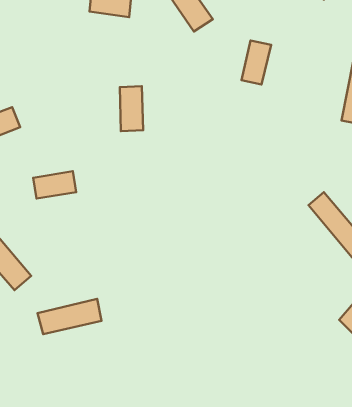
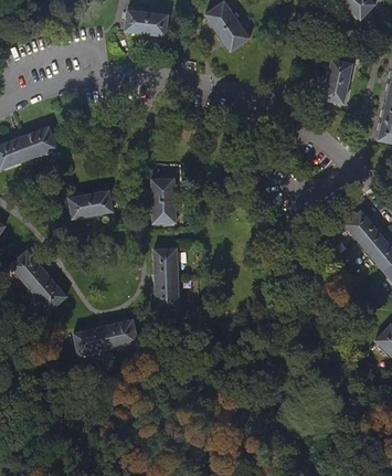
building: [242,41,271,85] -> [324,59,353,103]
building: [120,86,143,131] -> [152,178,176,223]
building: none -> [155,247,179,309]

